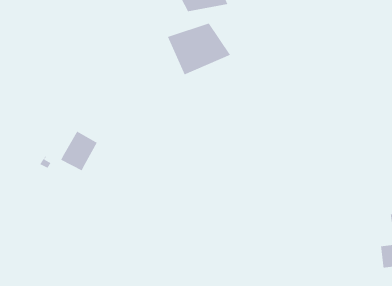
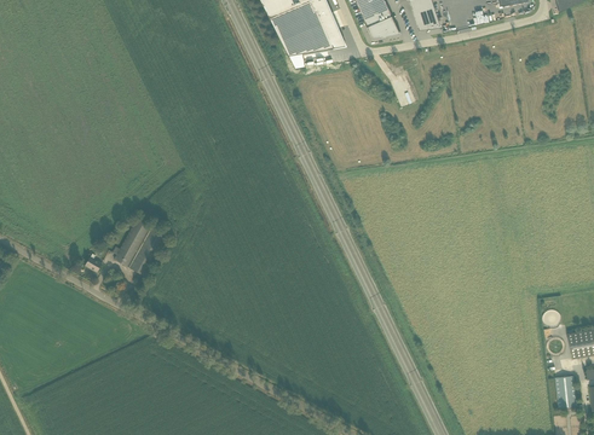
building: [167,22,231,76] -> none

